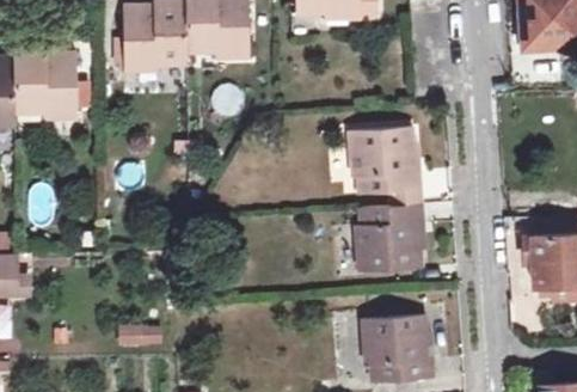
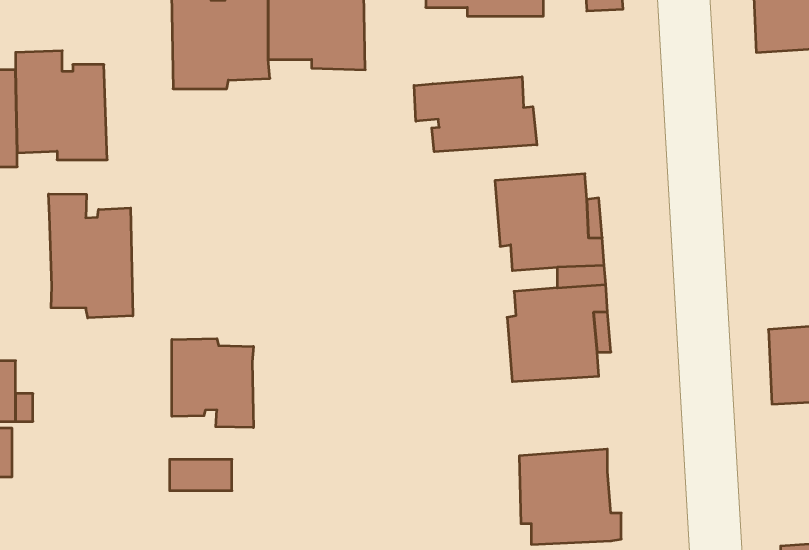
building: none -> [414,77,537,152]
building: none -> [49,194,133,318]
building: none -> [172,339,253,428]

